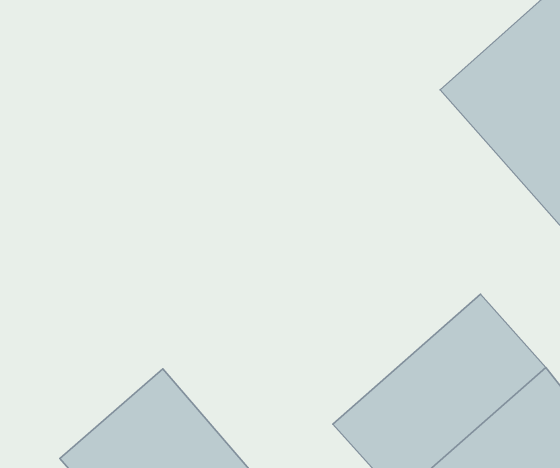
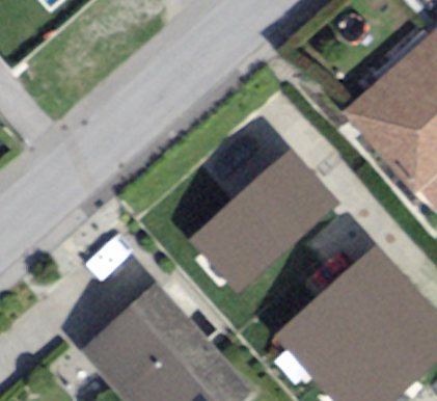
building: none -> [213,165,329,276]

